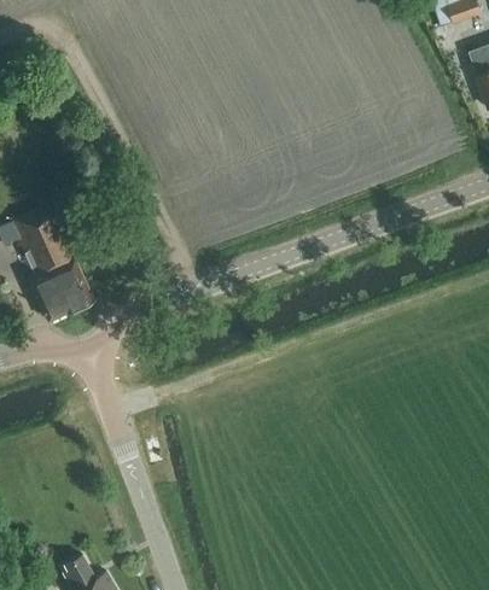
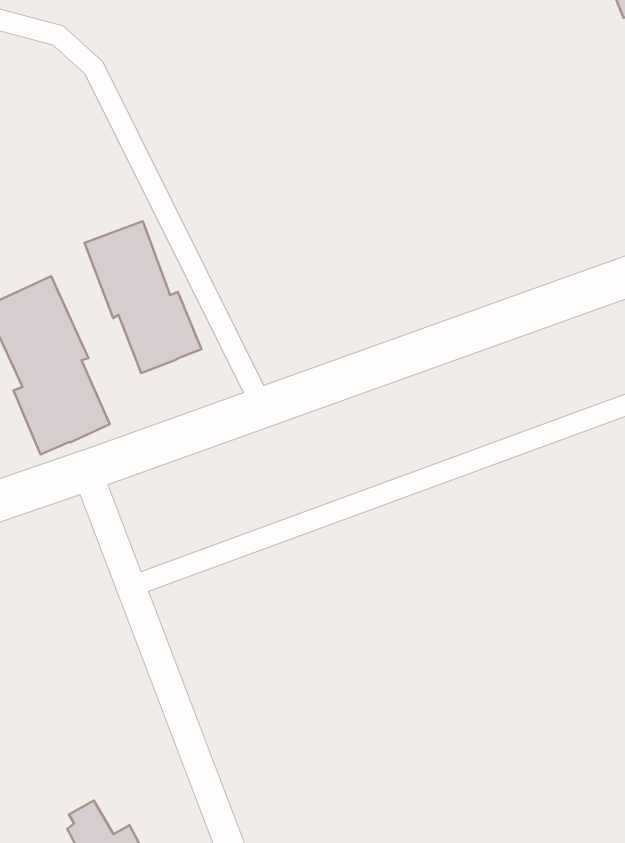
building: none -> [85,221,202,373]

